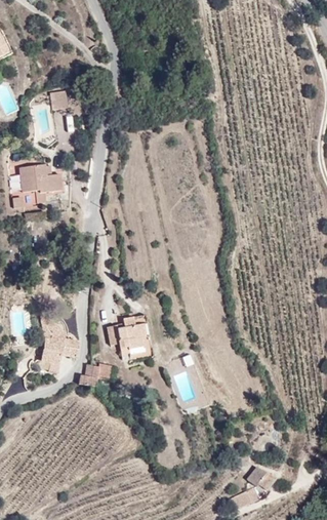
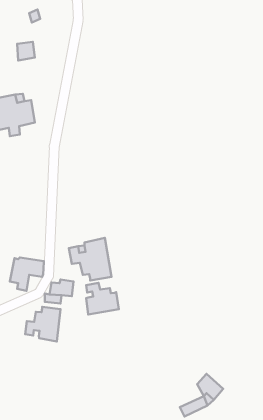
building: none -> [86,283,119,315]
building: none -> [25,307,61,341]

